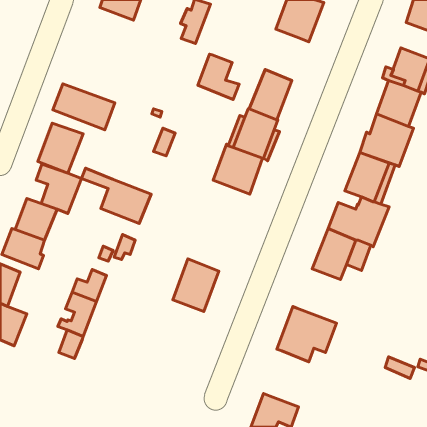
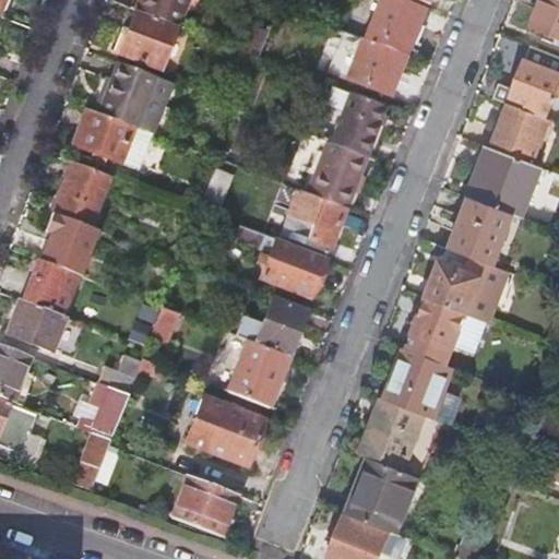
building: none -> [117,10,176,69]
building: none -> [98,62,170,134]
building: [198,54,239,99] -> [343,37,396,96]
building: [81,168,151,224] -> [235,225,325,297]
building: none -> [234,296,306,354]
building: none -> [389,350,454,419]
building: none -> [187,394,264,464]
building: none -> [354,457,421,534]
building: none -> [171,473,236,534]

